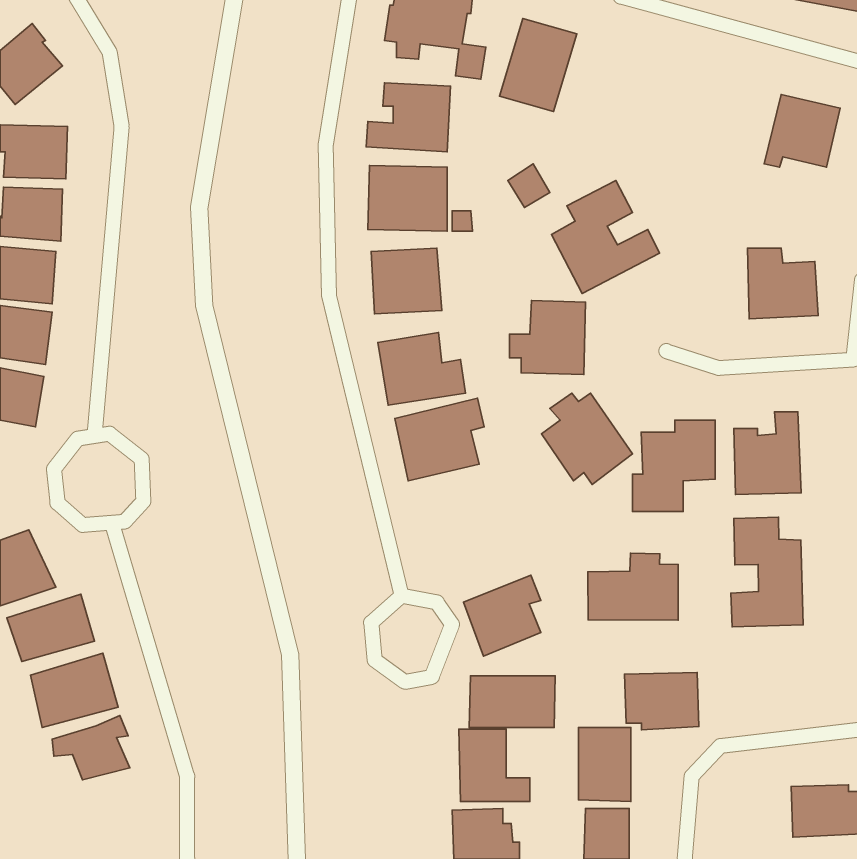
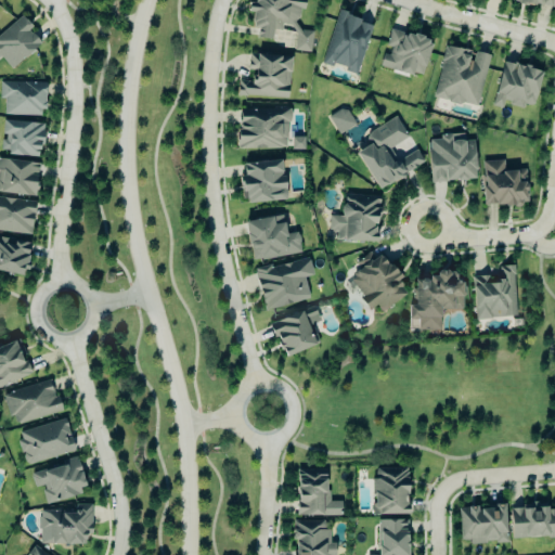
building: none -> [383,28,434,75]
building: none -> [436,44,491,106]
building: none -> [429,132,477,181]
building: [731,517,803,627] -> none
building: [588,553,678,620] -> none
building: [463,575,541,656] -> [272,305,322,357]
building: [625,672,699,730] -> [461,506,508,543]
building: [469,676,555,728] -> none
building: none -> [49,508,94,544]

